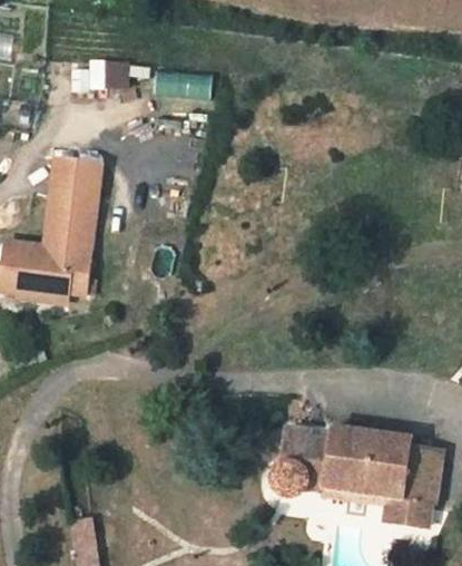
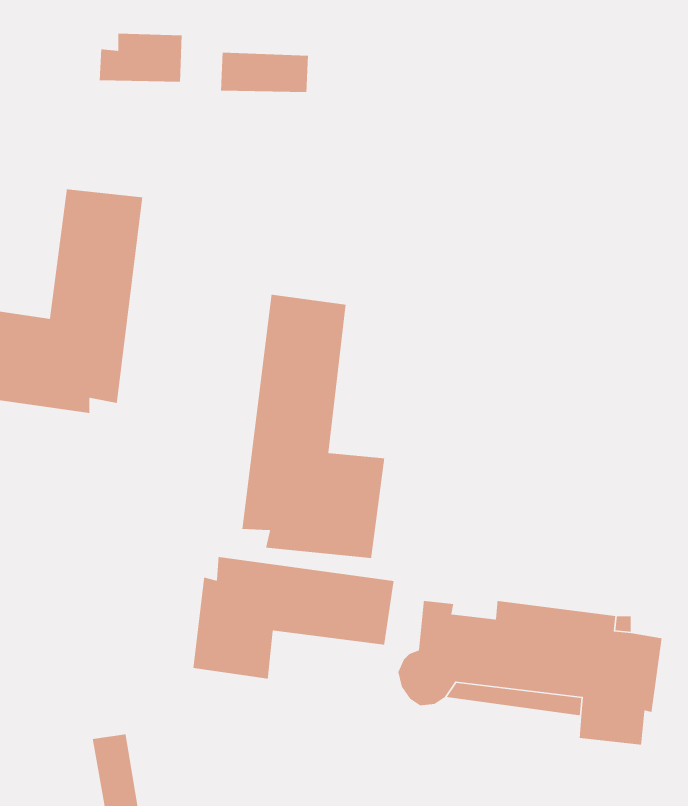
building: none -> [242,294,385,559]
building: none -> [193,556,394,679]

